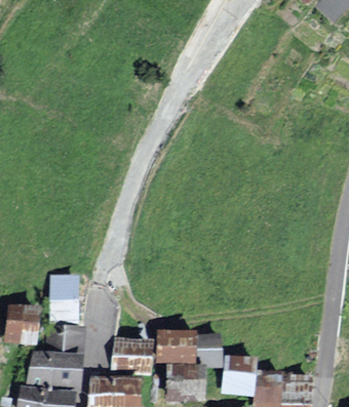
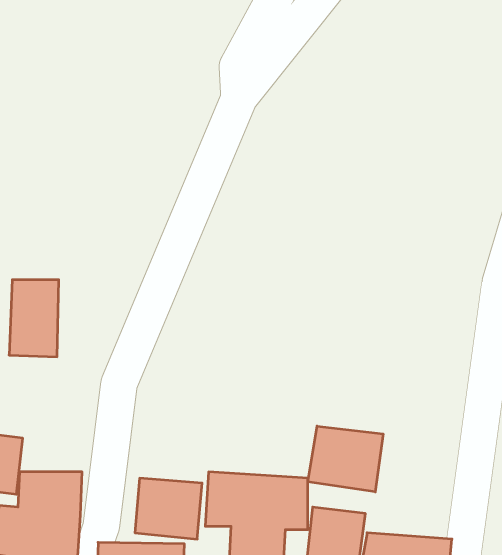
building: [49,279,81,328] -> [9,280,59,357]
building: none -> [308,426,383,492]

